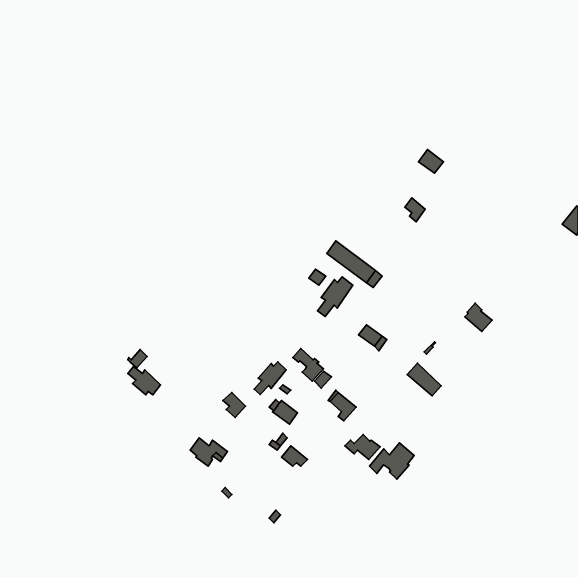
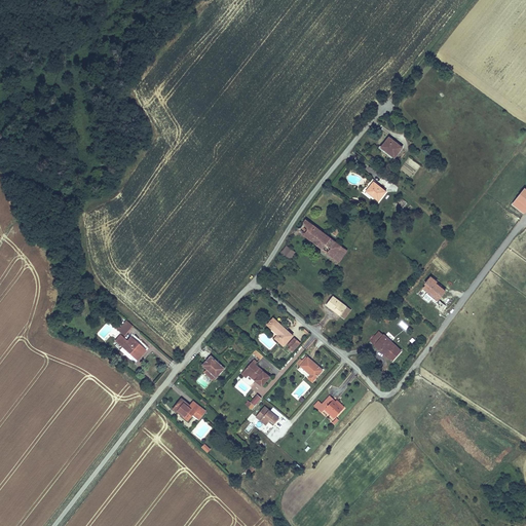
building: [318,277,353,316] -> none
building: [254,362,286,395] -> none
building: [370,443,414,479] -> none

